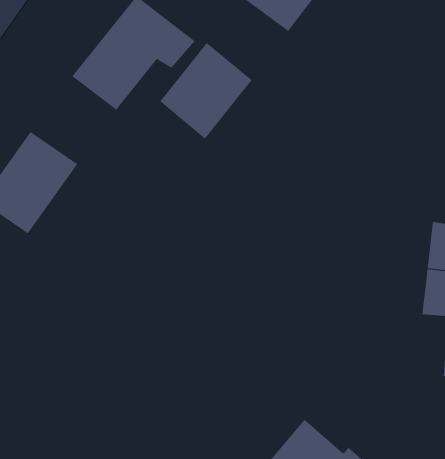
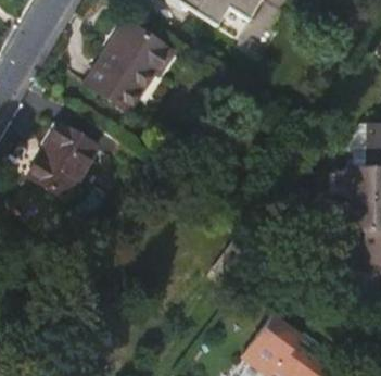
building: [159,42,252,139] -> none

